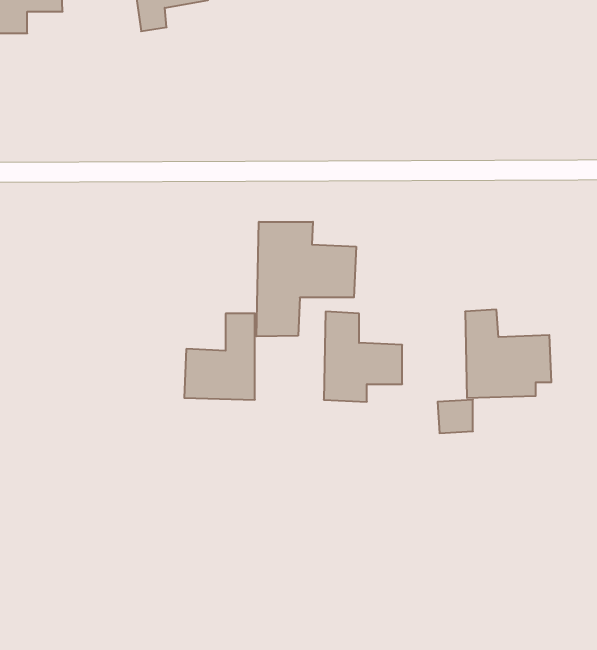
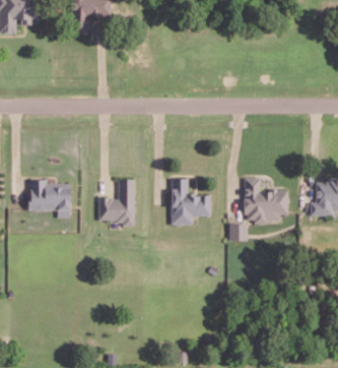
building: [256,222,356,336] -> none
building: none -> [28,179,70,218]

